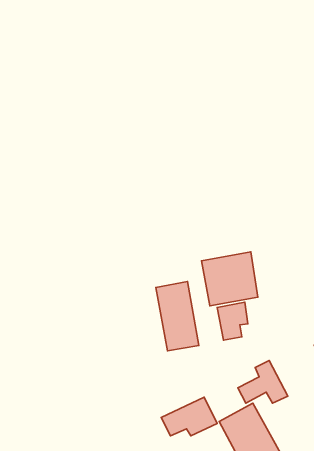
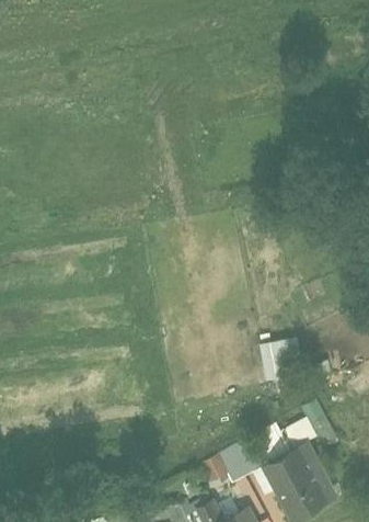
building: [201,252,258,306] -> none
building: [156,281,199,351] -> none

